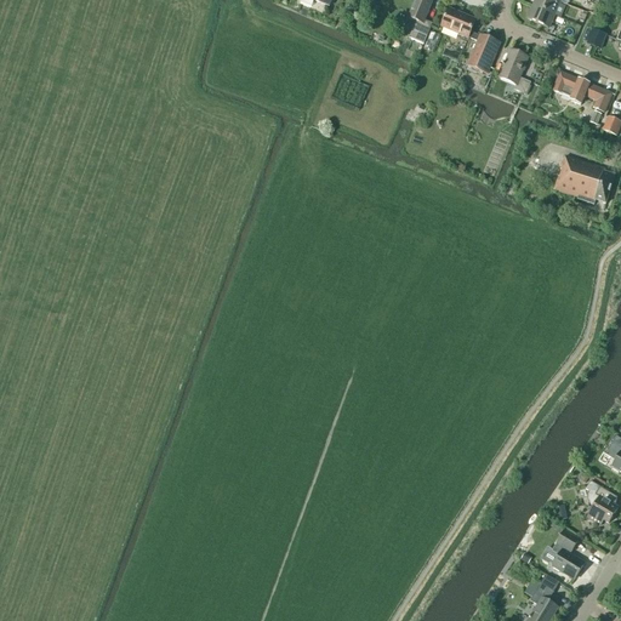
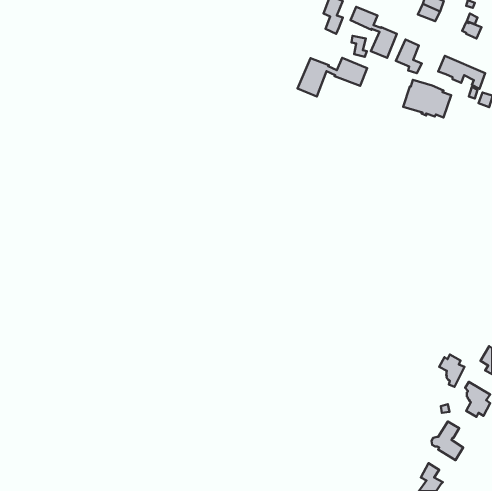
building: none -> [298,58,367,96]
building: [554,155,615,203] -> [403,80,451,117]
building: none -> [439,355,464,387]

